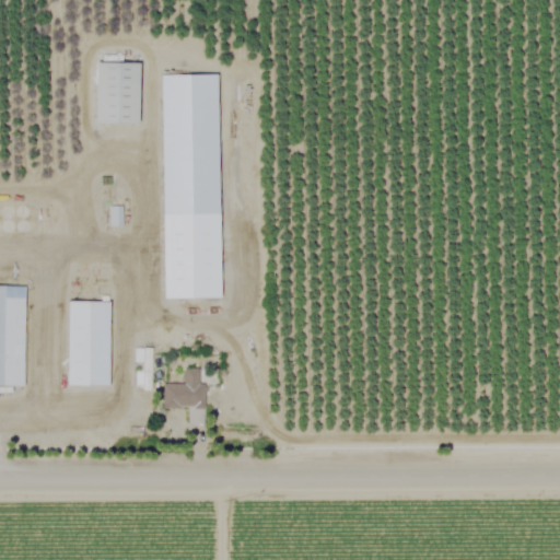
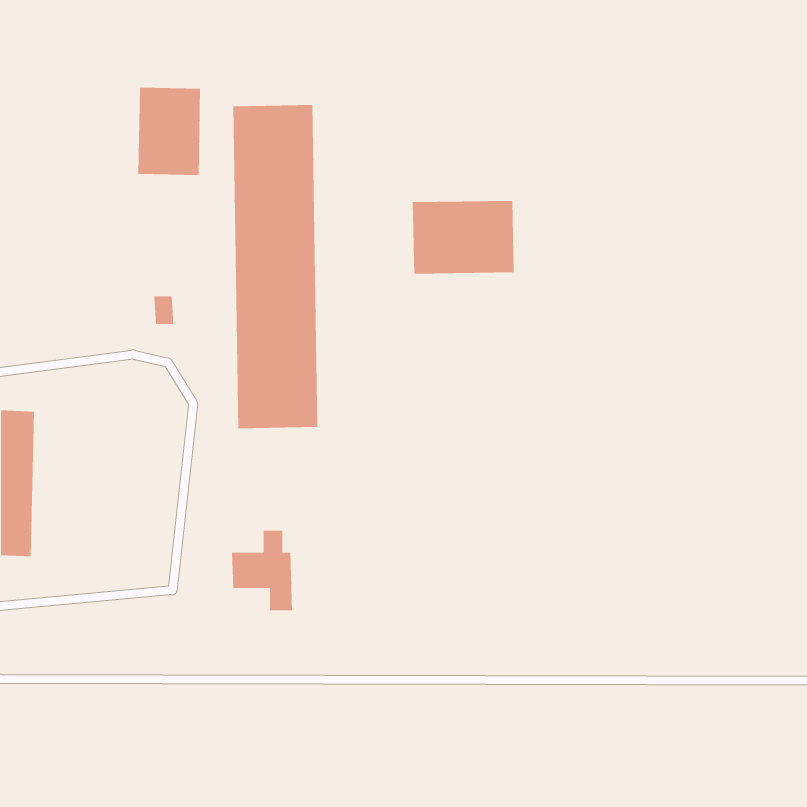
building: none -> [412,200,514,274]
building: [68,301,109,385] -> none

